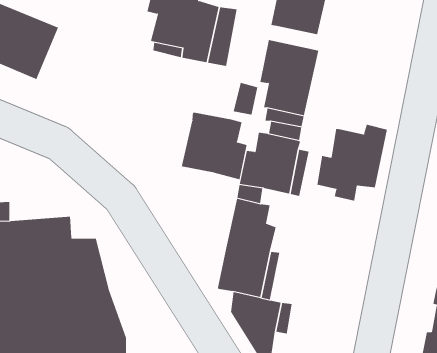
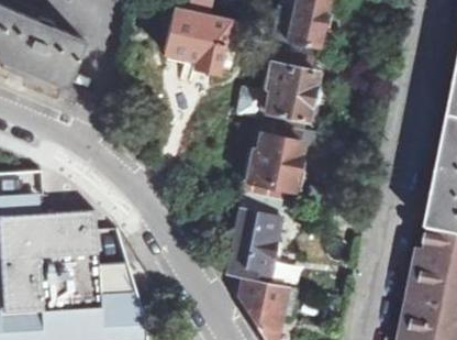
building: [181,112,247,180] -> none
building: [317,124,387,202] -> none

